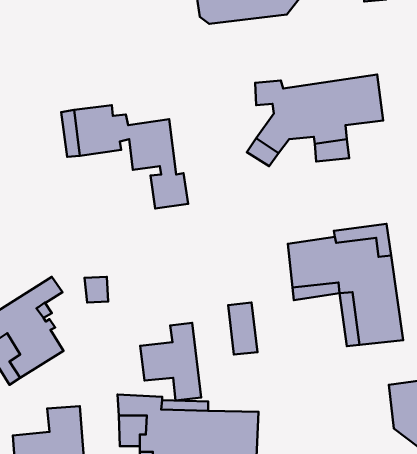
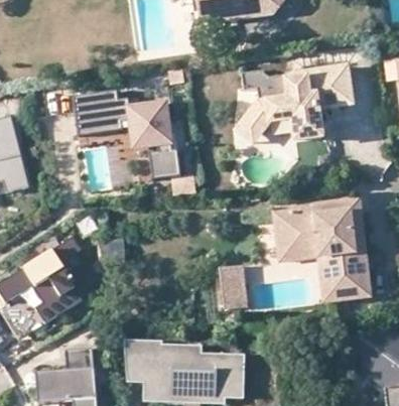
building: [140,323,201,401] -> none

